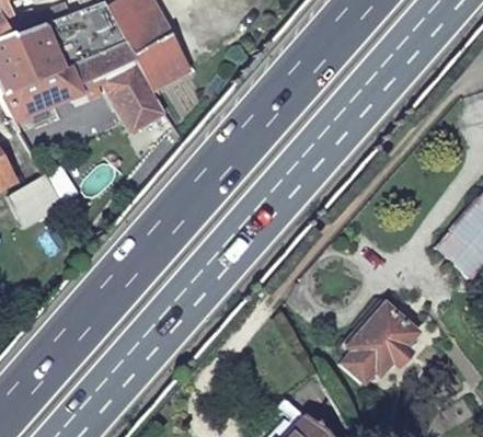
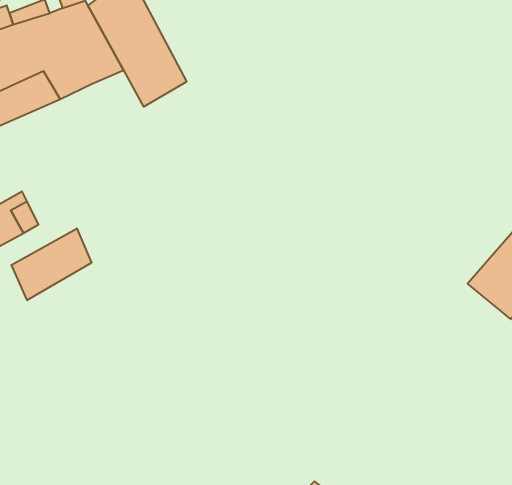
building: [110,65,165,135] -> none
building: none -> [11,228,91,300]
building: [340,308,416,388] -> none

